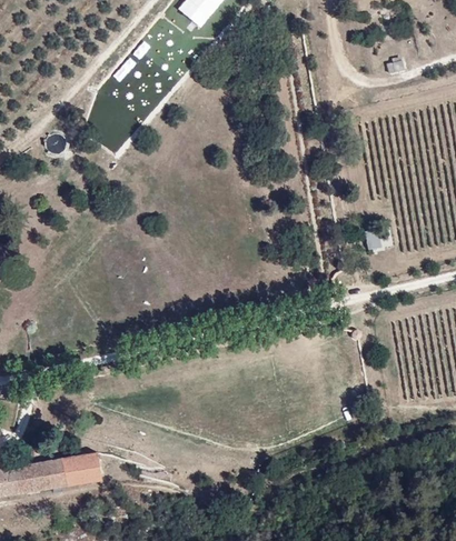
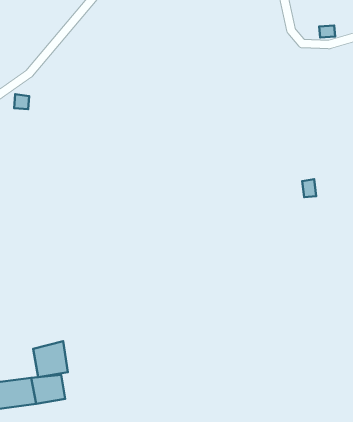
building: none -> [33,341,68,377]

